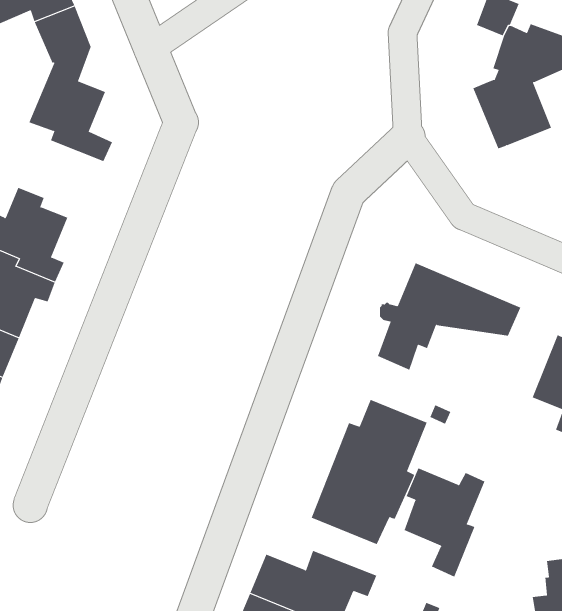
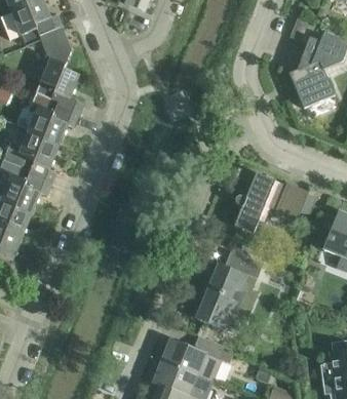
building: none -> [28,92,78,147]
building: [404,467,485,577] -> none

